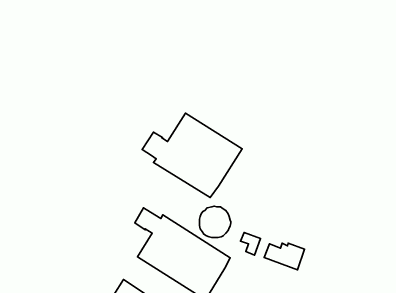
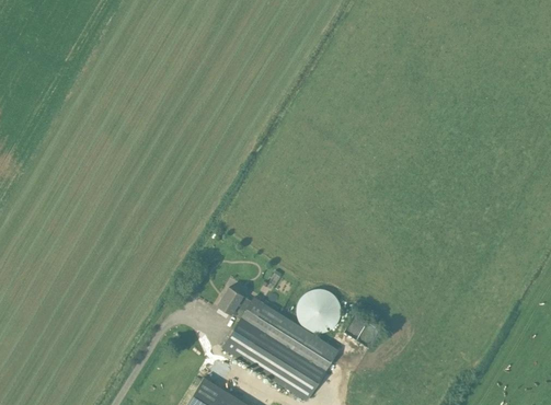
building: [142,113,242,198] -> none
building: [264,243,305,270] -> none

